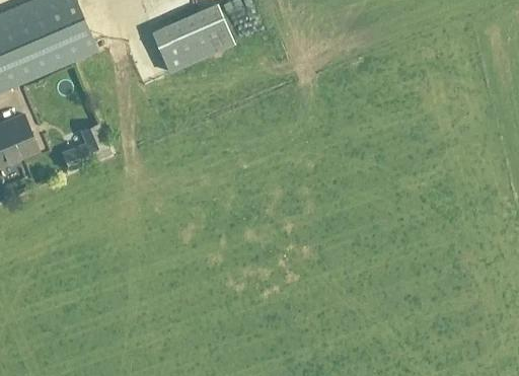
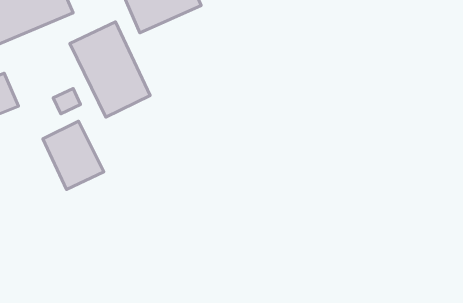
building: none -> [70,22,150,117]
building: none -> [43,121,104,190]

